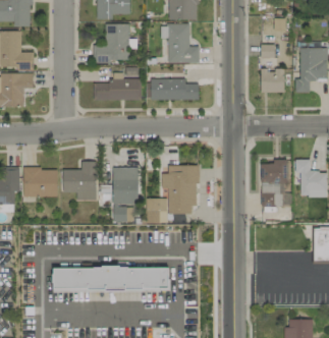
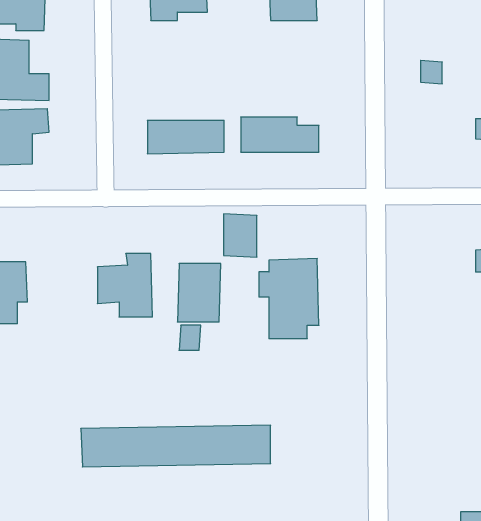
building: [95,23,136,61] -> none
building: [167,23,199,63] -> none
building: [260,69,284,93] -> none
building: [260,159,291,207] -> none
building: [23,168,57,196] -> none
building: [147,198,167,224] -> [224,214,257,257]

